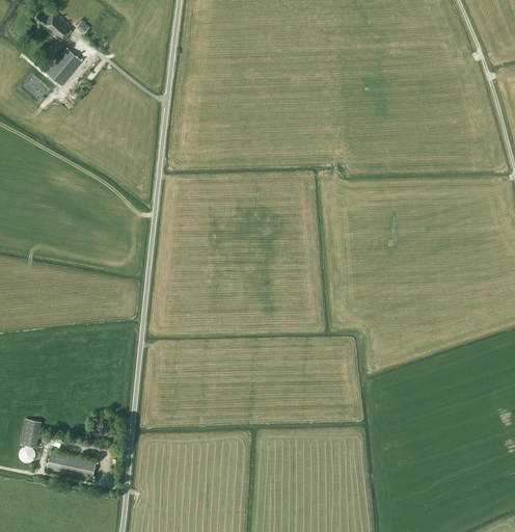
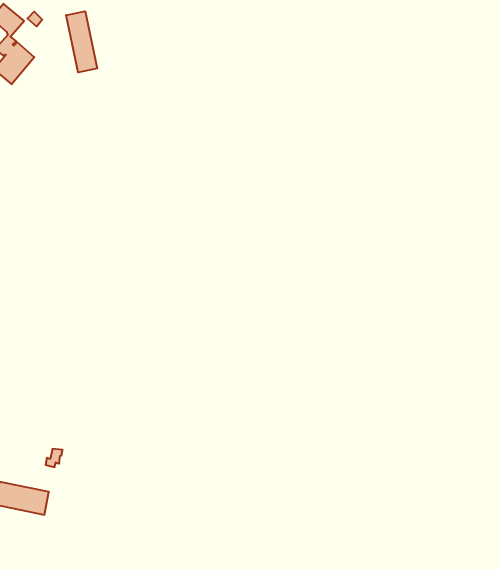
building: none -> [66,11,97,72]

